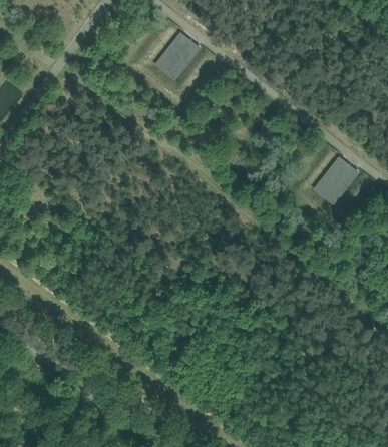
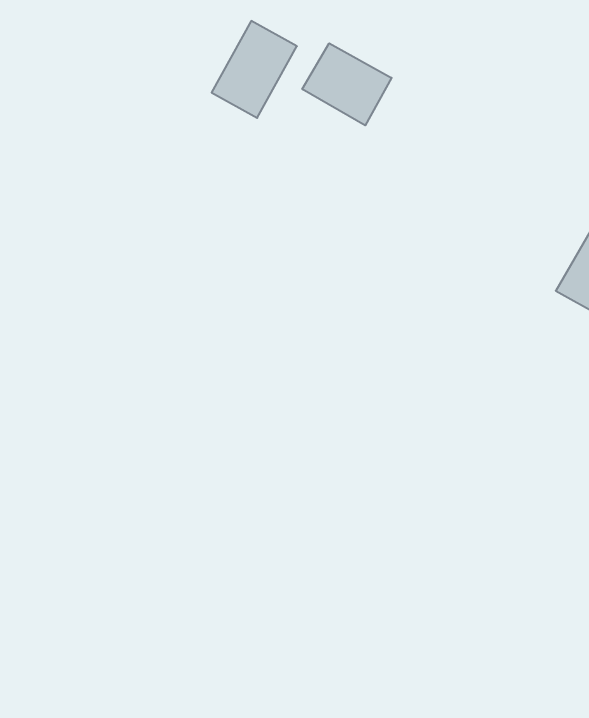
building: none -> [302,43,392,125]

